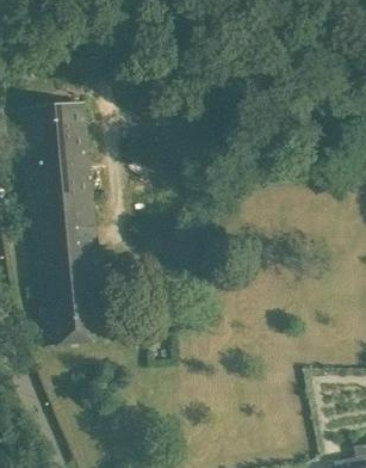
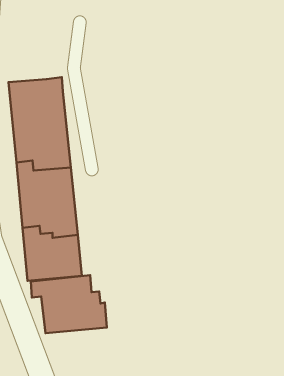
building: none -> [31,275,107,333]

